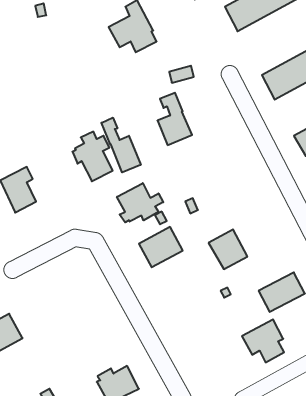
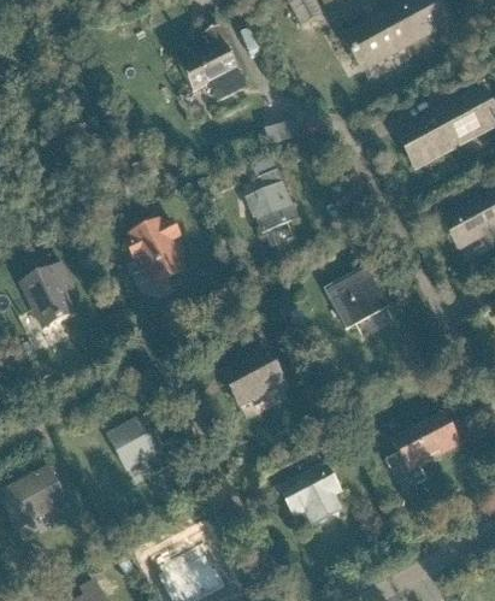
building: [101,118,141,172] -> none
building: [117,183,163,222] -> none
building: [209,229,247,269] -> [334,269,389,325]
building: none -> [108,414,165,471]
building: [242,319,284,362] -> [282,465,342,526]

